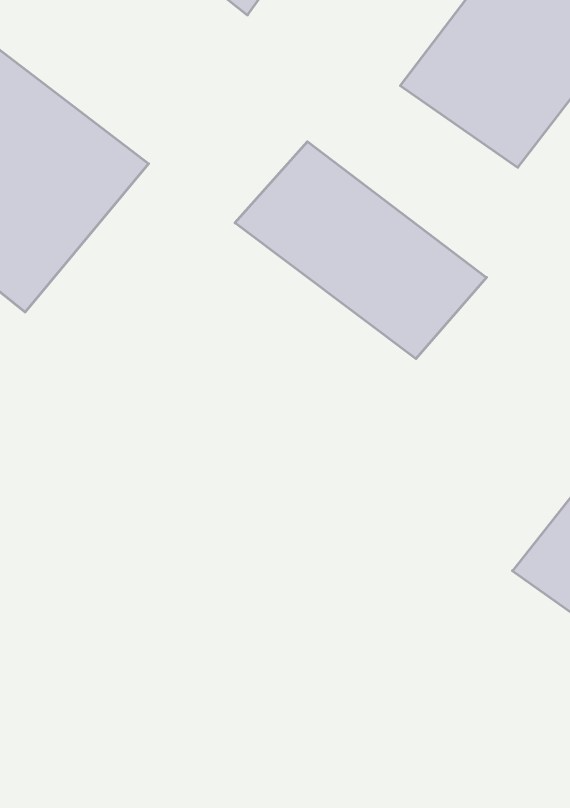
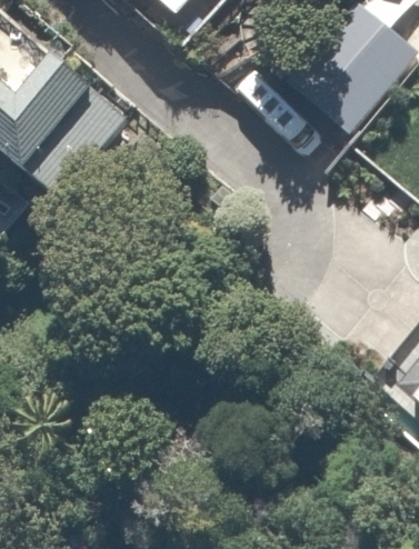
building: [235,142,487,359] -> none

